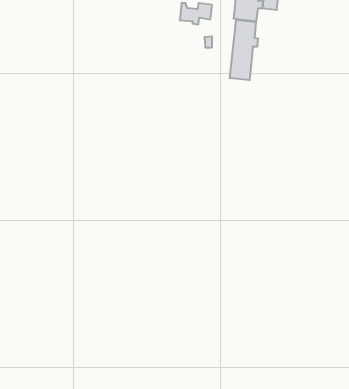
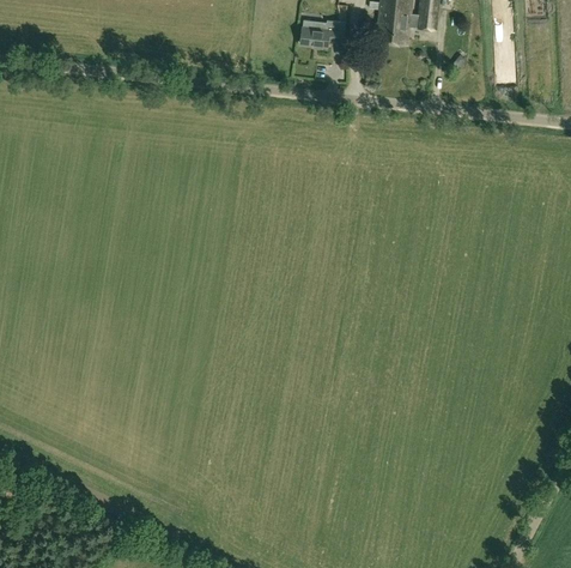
building: [230,20,258,80] -> none

